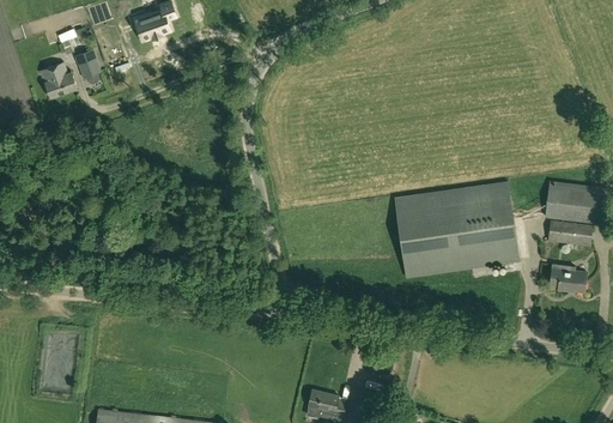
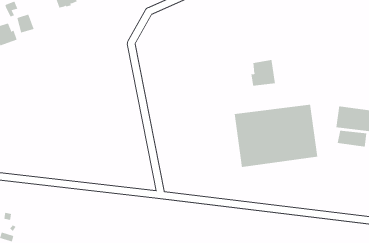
building: none -> [251,59,275,87]
building: [548,264,585,292] -> none

